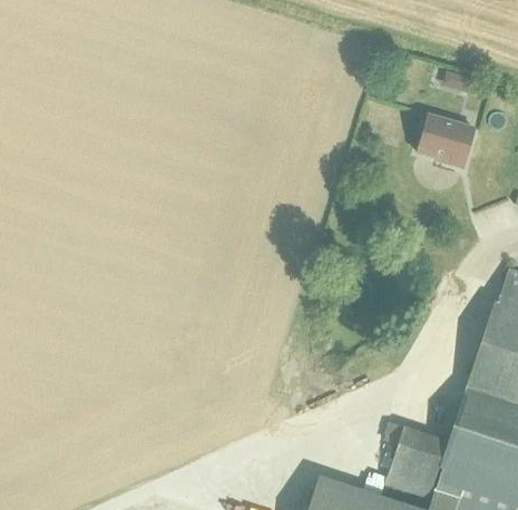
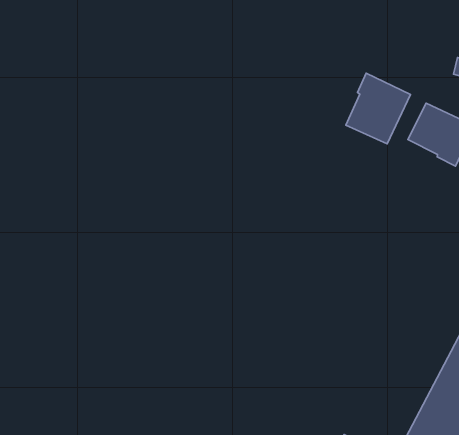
building: none -> [346,73,411,144]

